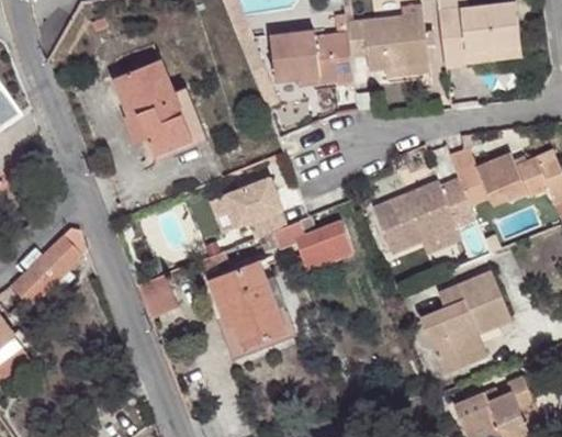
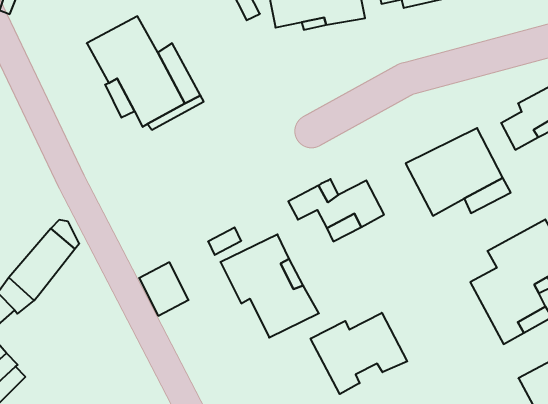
building: [222,176,280,226] -> none
building: none -> [311,313,407,394]

